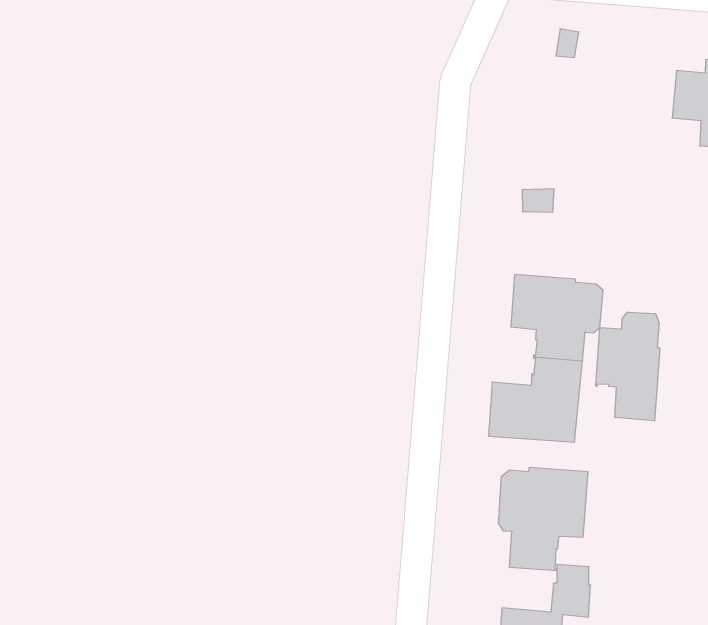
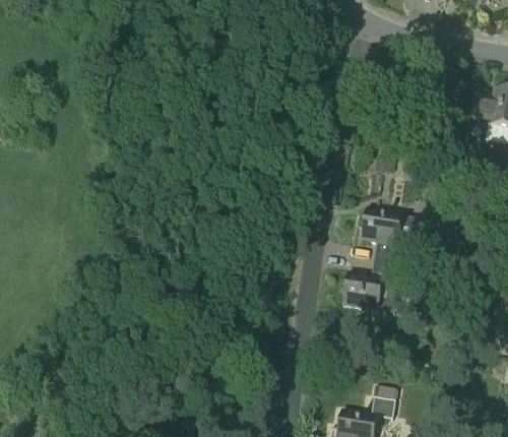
building: [596,312,660,421] -> none
building: [499,467,588,571] -> none

